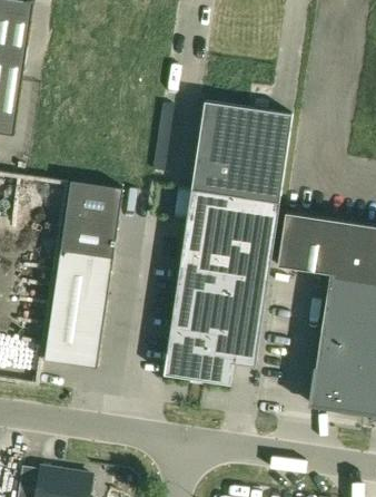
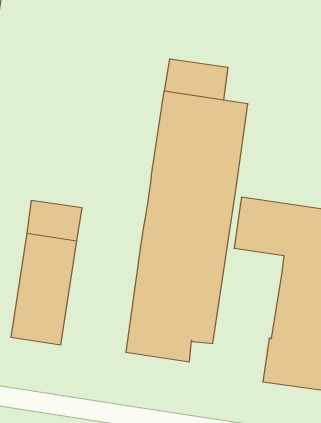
building: none -> [164,59,228,100]
building: [65,179,122,223] -> none

